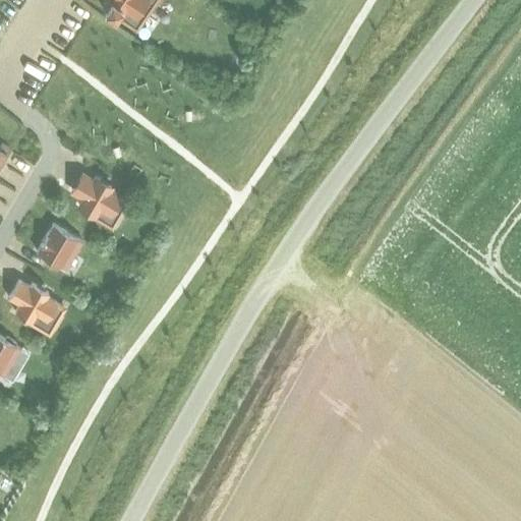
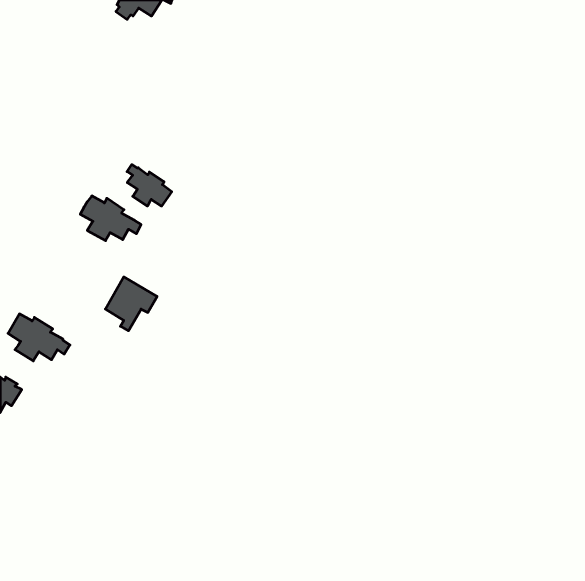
building: none -> [127,165,172,206]
building: [37,226,82,274] -> [105,277,157,331]

